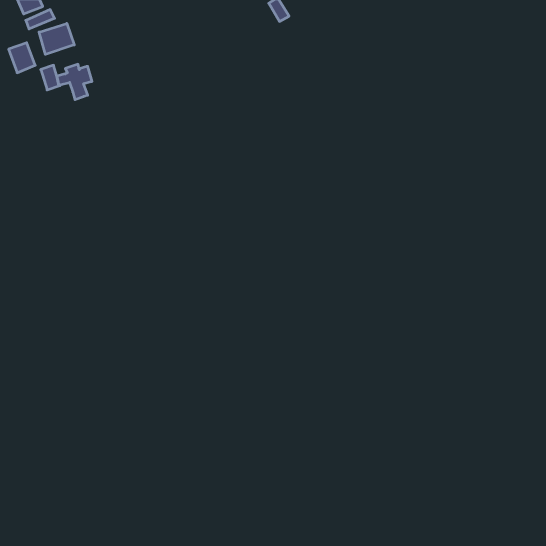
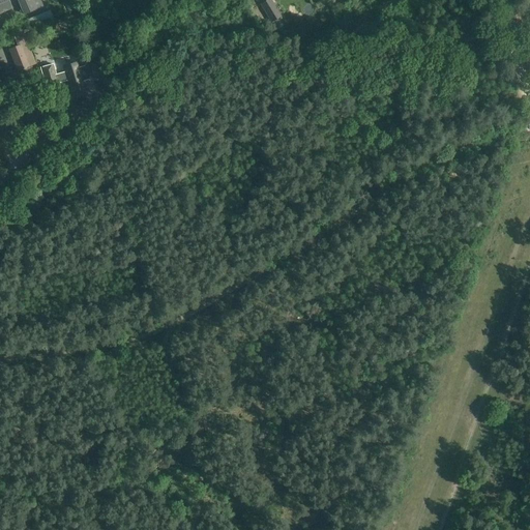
building: [39,23,74,54] -> none

